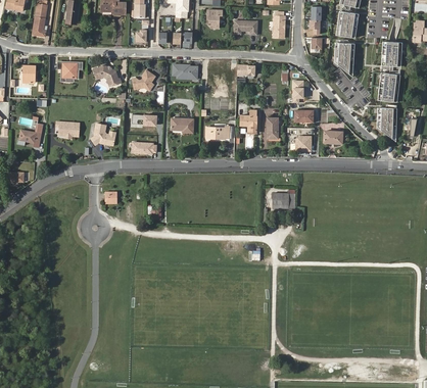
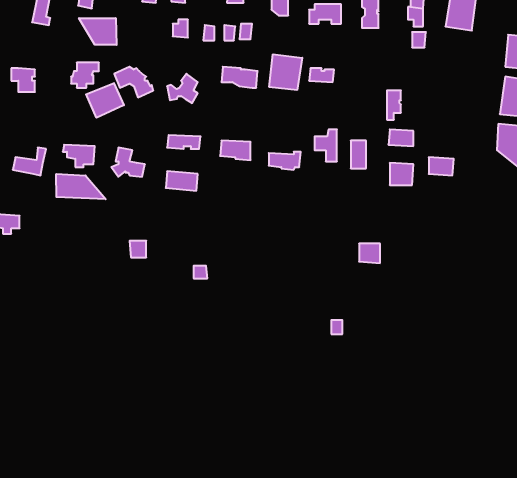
building: none -> [79,18,117,45]
building: [334,42,354,77] -> none
building: none -> [269,54,302,90]
building: none -> [86,83,124,118]
building: none -> [56,174,106,199]

